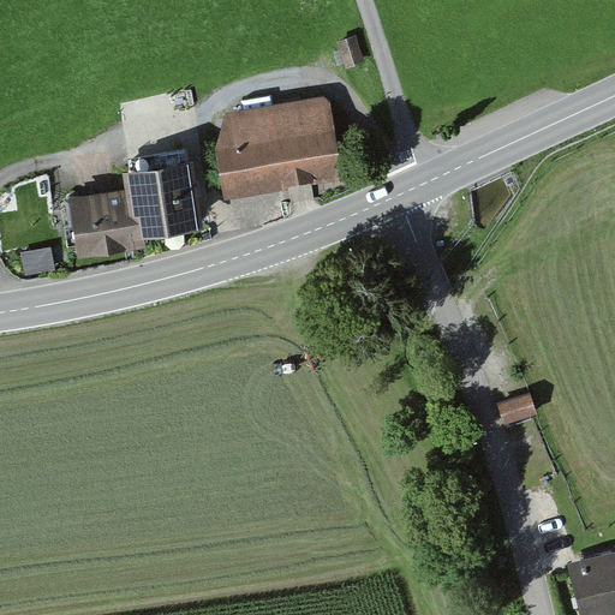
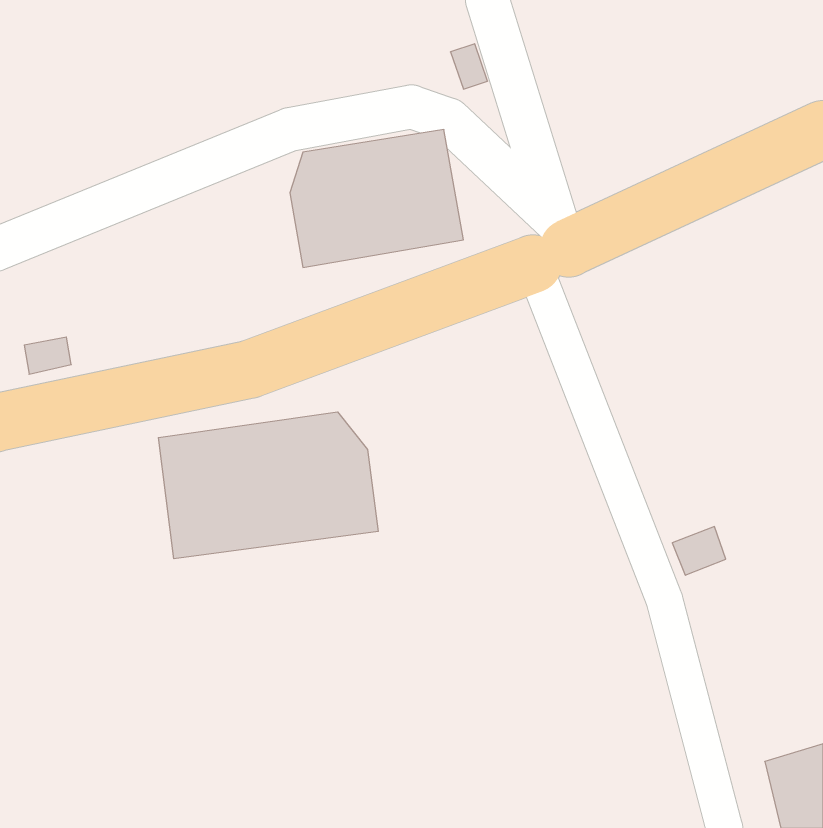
building: [68,157,202,257] -> none
building: none -> [158,412,378,559]

